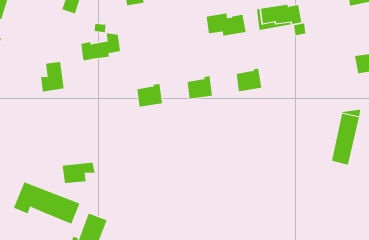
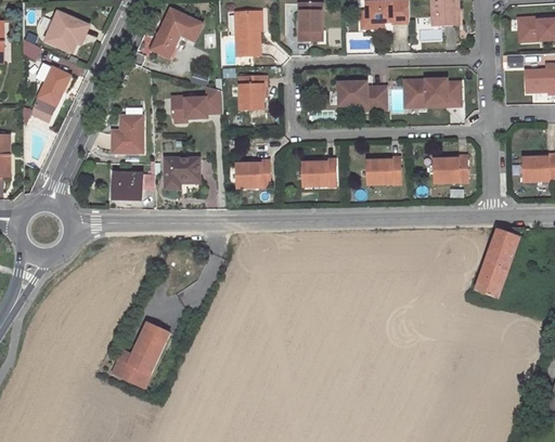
building: none -> [238,75,266,107]
building: none -> [434,155,465,182]
building: none -> [166,157,198,186]
building: [62,162,95,184] -> [113,172,155,197]
building: [13,181,80,225] -> none

